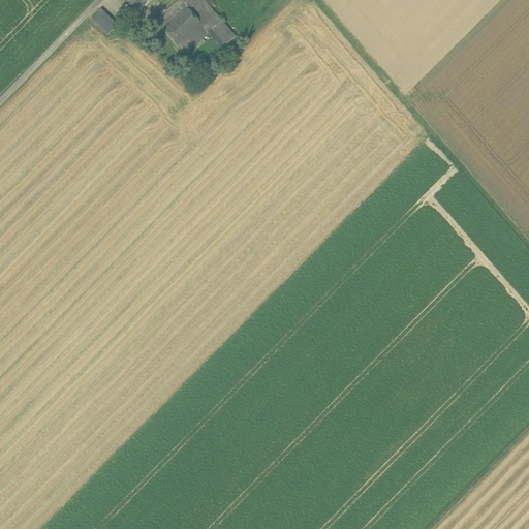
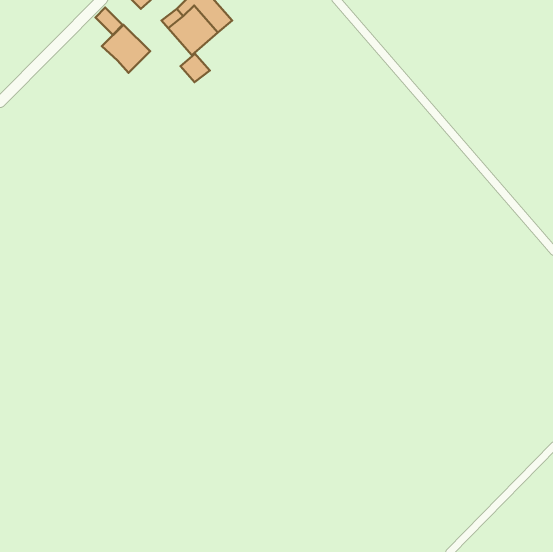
building: [209,19,237,46] -> [180,53,210,82]
building: none -> [102,25,150,73]

